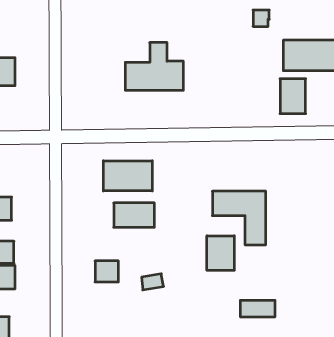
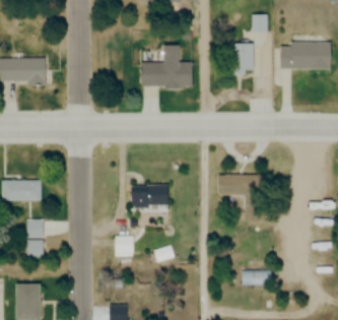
building: [280,79,306,114] -> [231,44,254,74]
building: [103,161,152,191] -> none
building: [207,236,234,270] -> none

